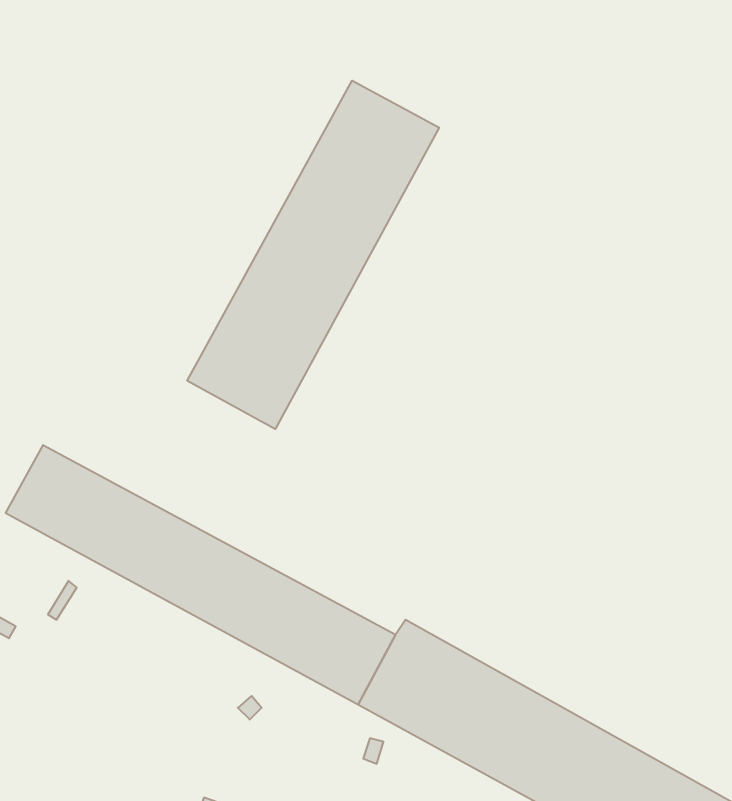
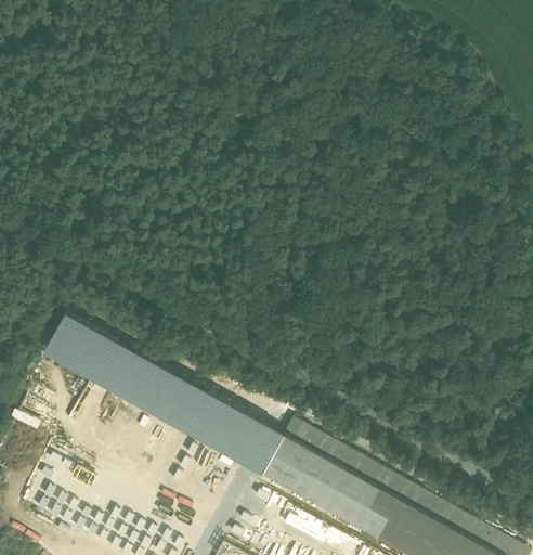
building: [187,81,439,429] -> none

